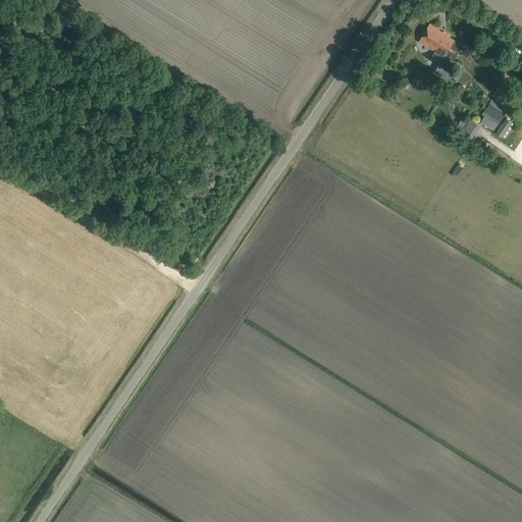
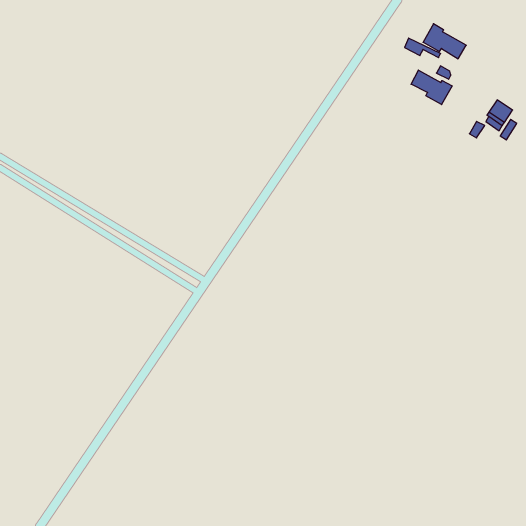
building: none -> [411,70,452,105]

